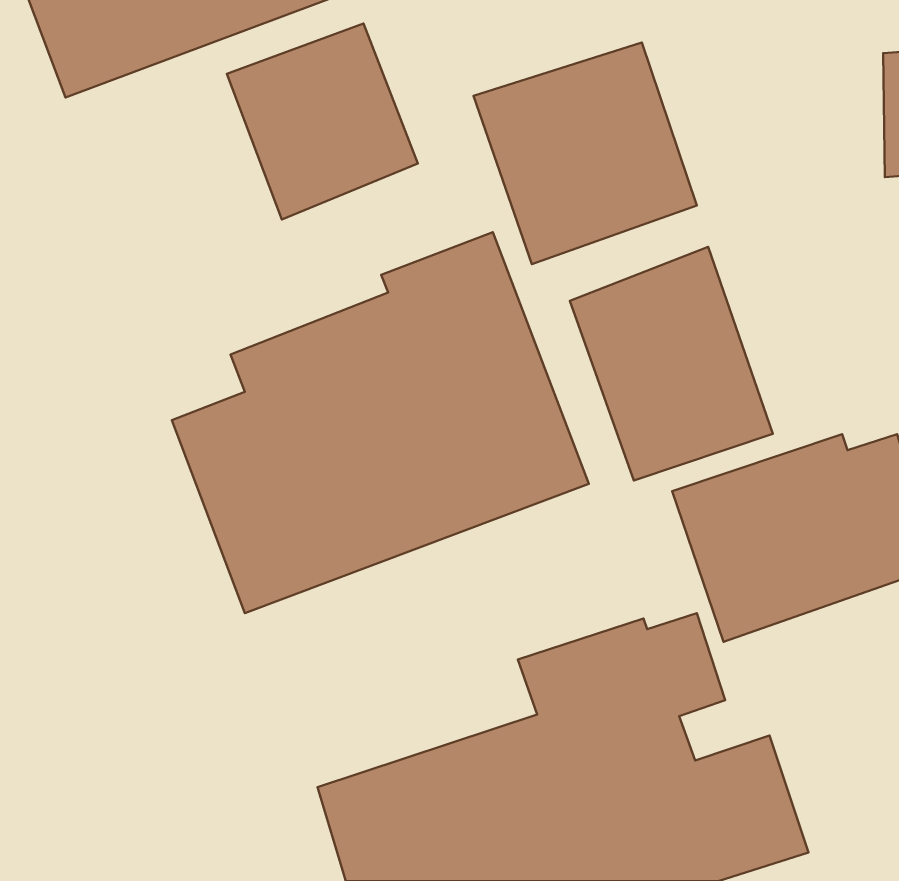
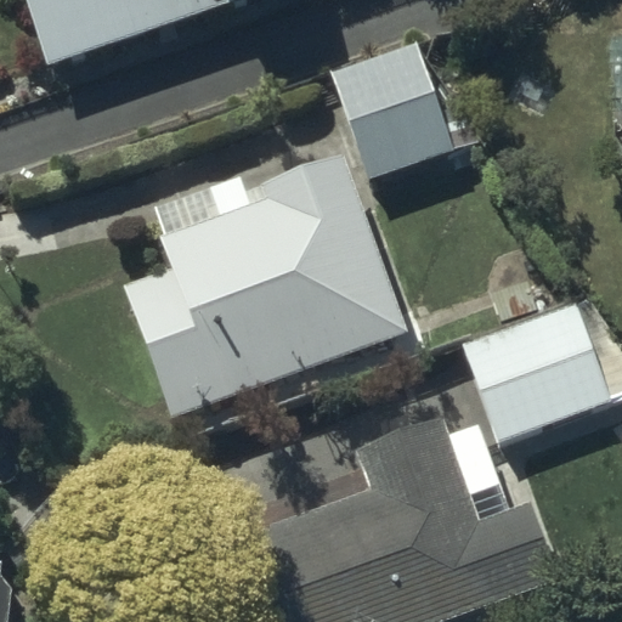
building: [227,23,418,220] -> none
building: [570,247,773,481] -> none

